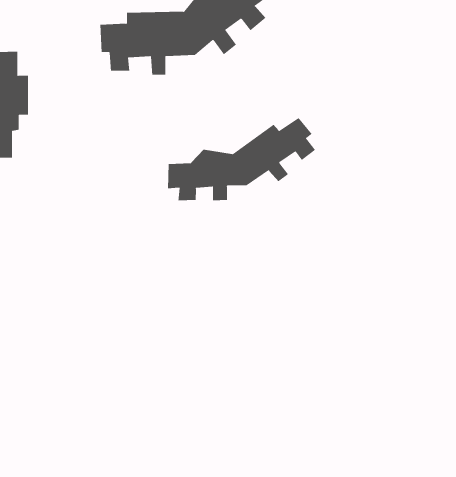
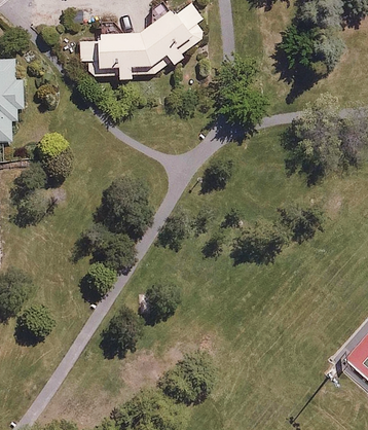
building: [167,117,316,201] -> none

